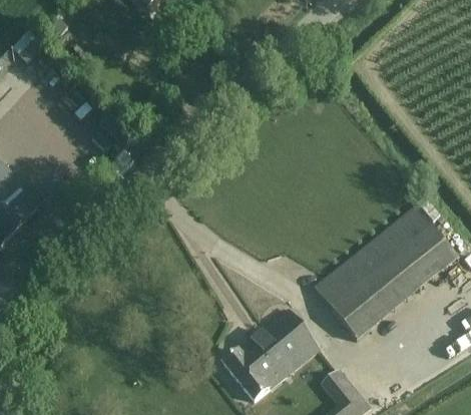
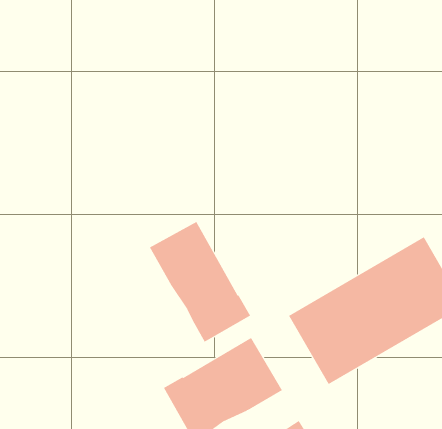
building: none -> [149,221,251,342]

